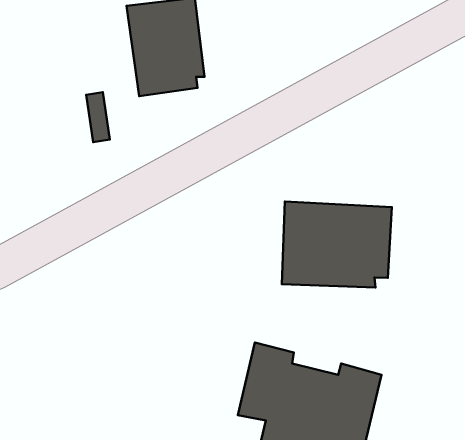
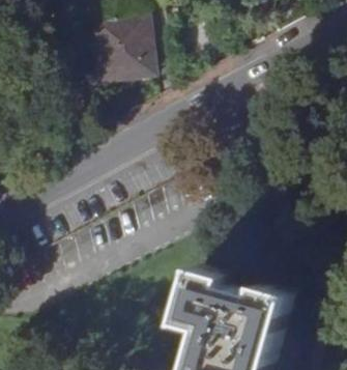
building: [282,201,392,287] -> none

